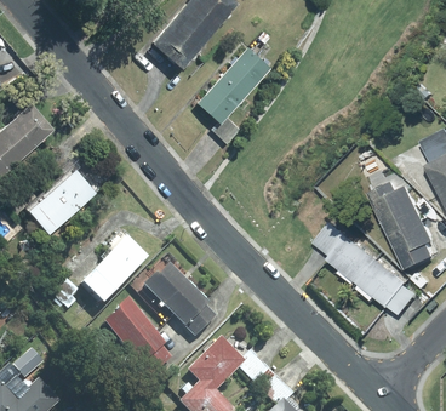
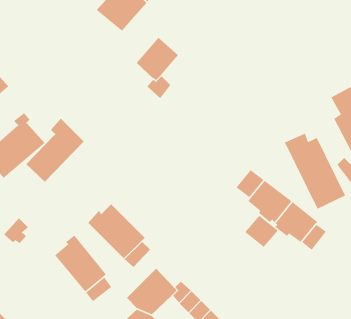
building: [224,48,271,95] -> none
building: [82,229,149,302] -> [25,118,84,182]
building: none -> [244,215,279,248]

